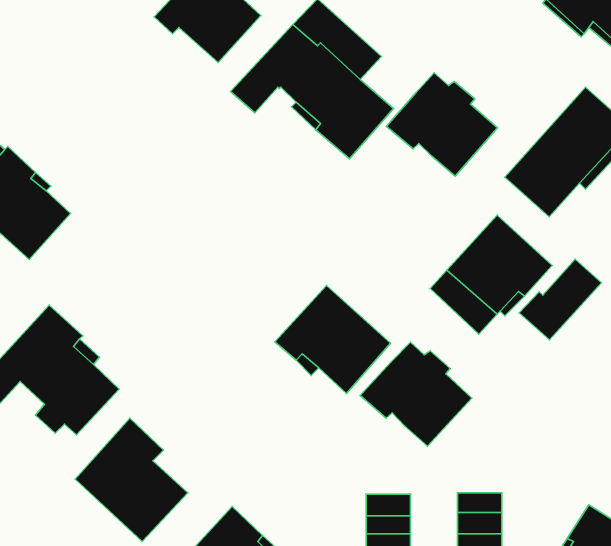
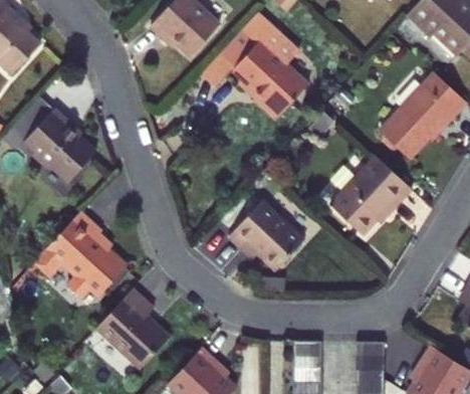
building: [386,73,498,176] -> none
building: [519,259,602,340] -> none
building: [360,342,472,446] -> none

